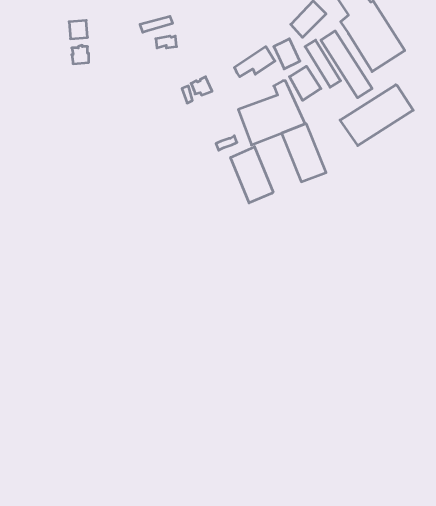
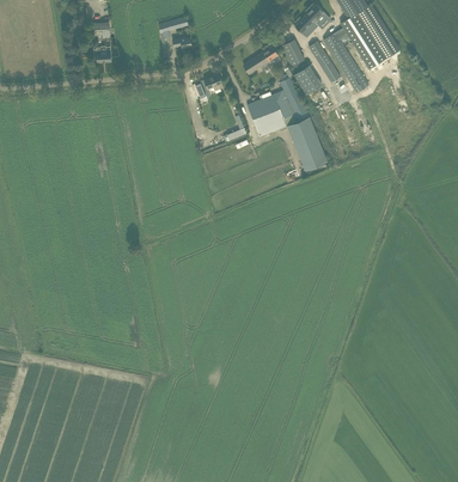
building: [340,85,413,146] -> none
building: [231,147,273,203] -> none

